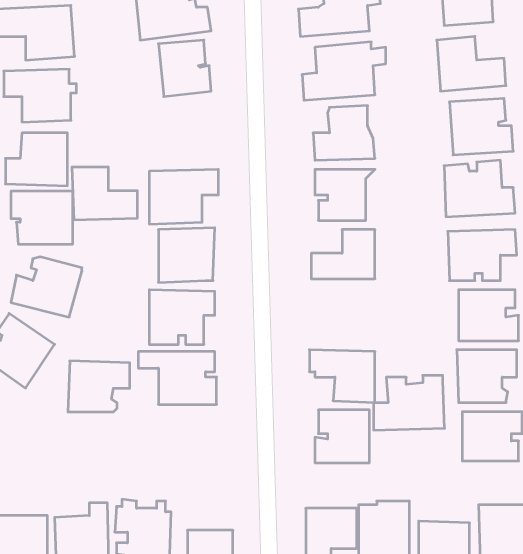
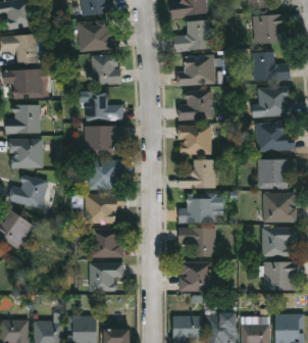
building: [72,167,137,220] -> [89,92,125,121]
building: [68,361,130,412] -> [91,261,125,290]
building: [374,375,445,430] -> [175,193,215,224]

